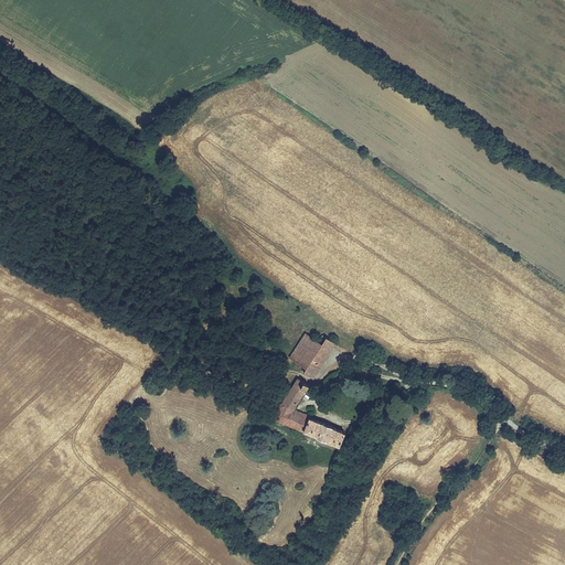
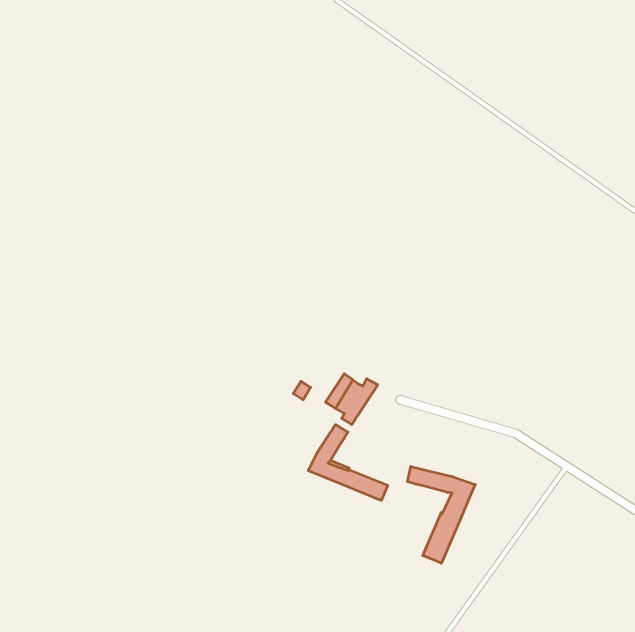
building: none -> [407,466,475,563]

